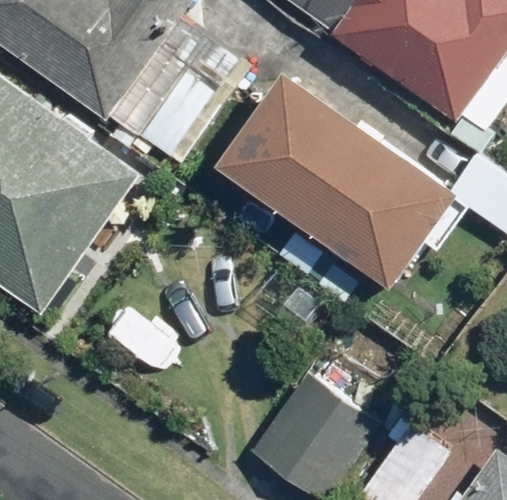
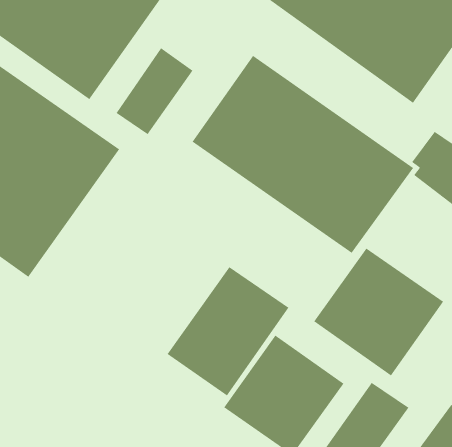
building: none -> [313,248,444,376]
building: none -> [167,266,289,396]

